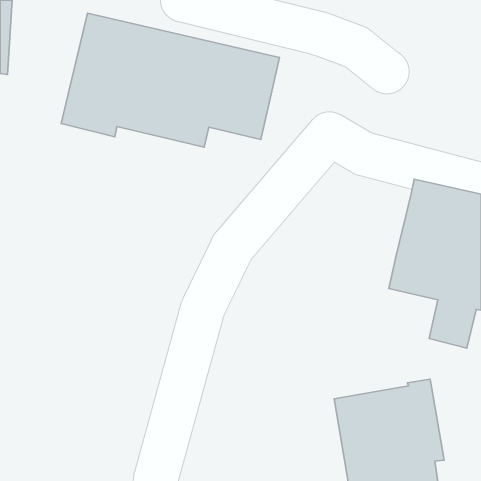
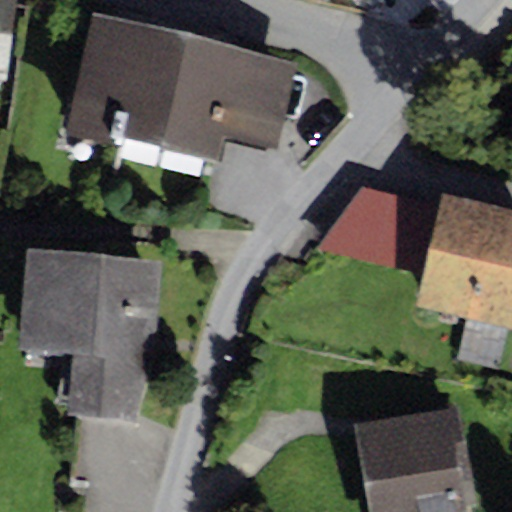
building: none -> [315,188,437,272]
building: none -> [16,248,162,421]

